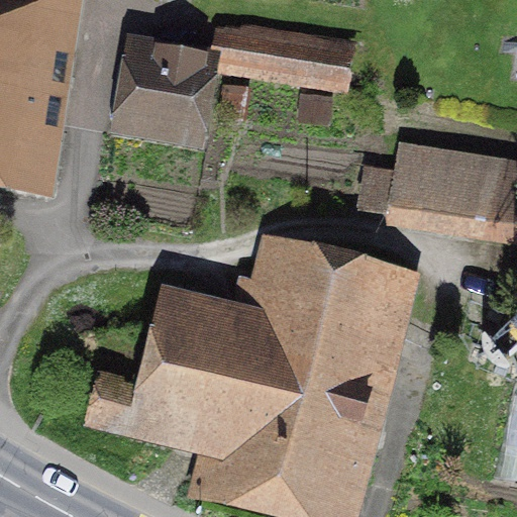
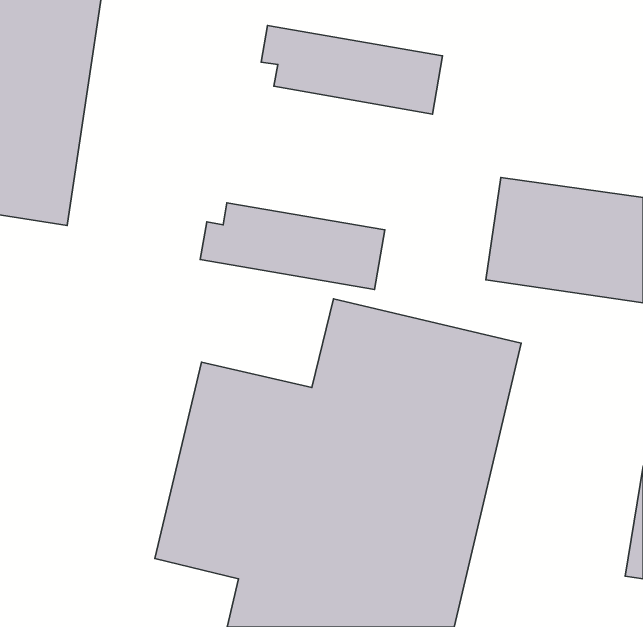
building: [108,35,221,152] -> none
building: none -> [200,203,385,290]

